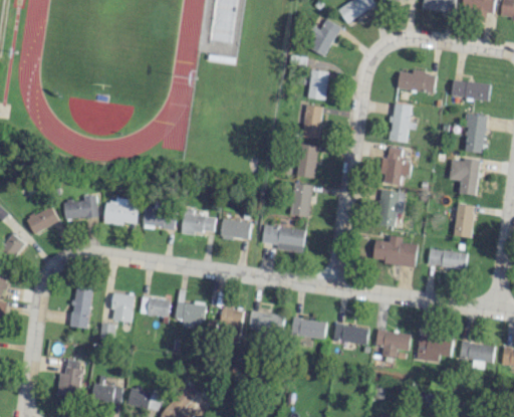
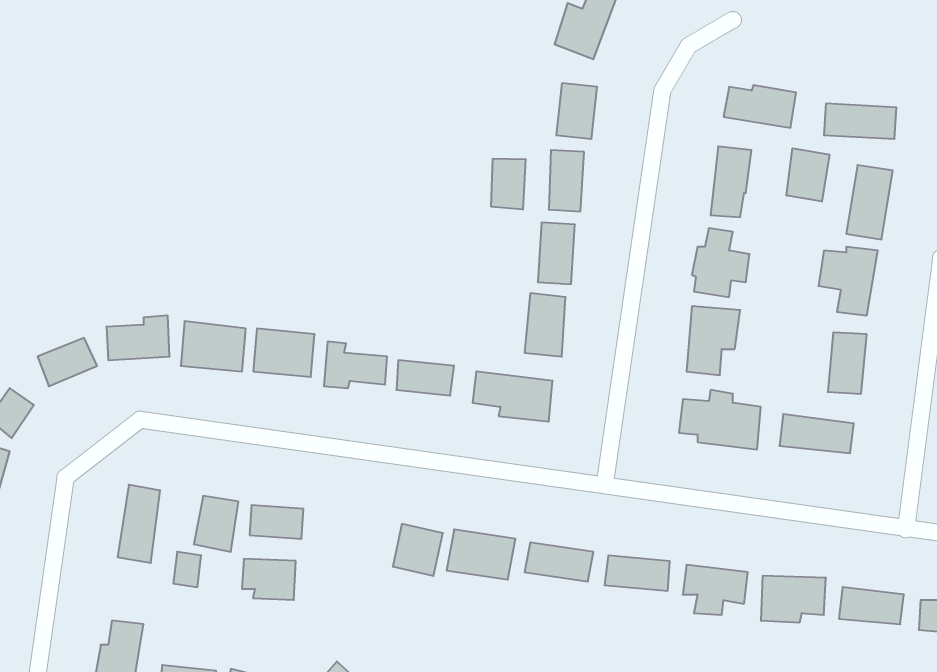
building: none -> [786,148,829,202]
building: none -> [491,159,525,210]
building: [177,302,206,325] -> [242,559,296,600]

